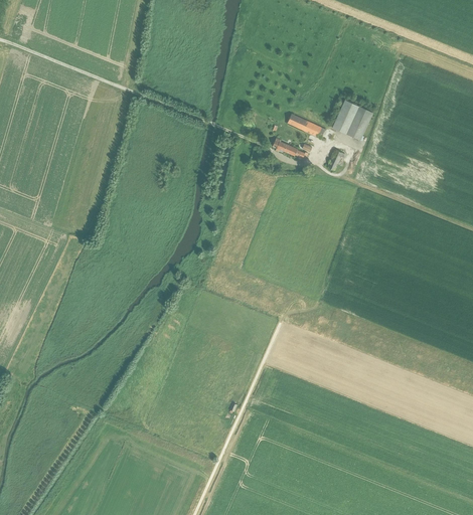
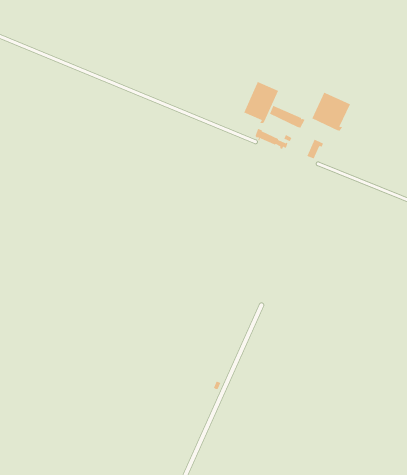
building: none -> [243,81,279,124]

